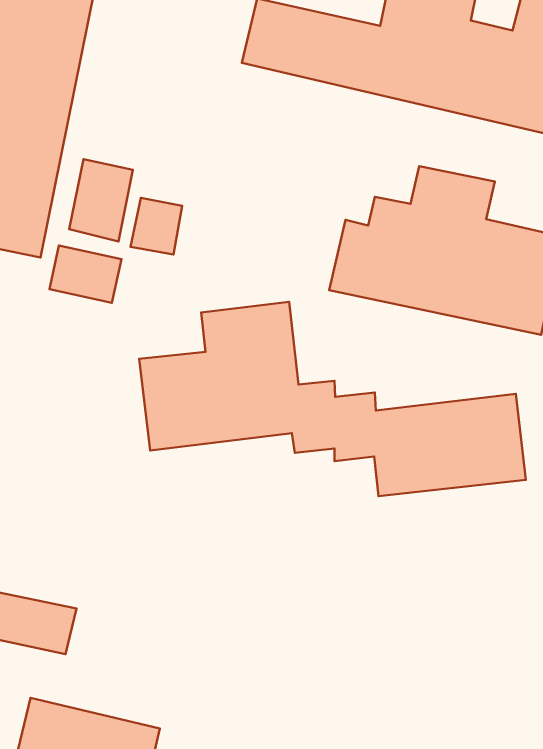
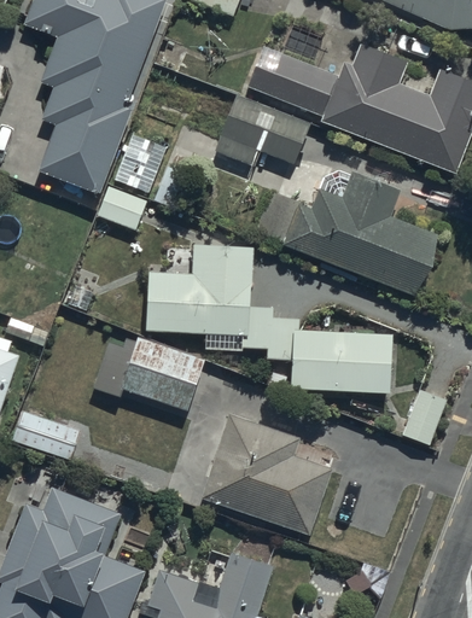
building: none -> [212,97,309,169]
building: none -> [98,336,206,415]
building: none -> [199,409,331,536]

